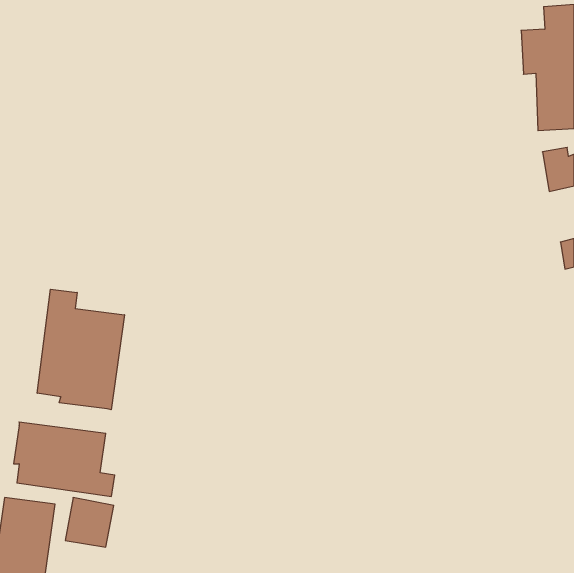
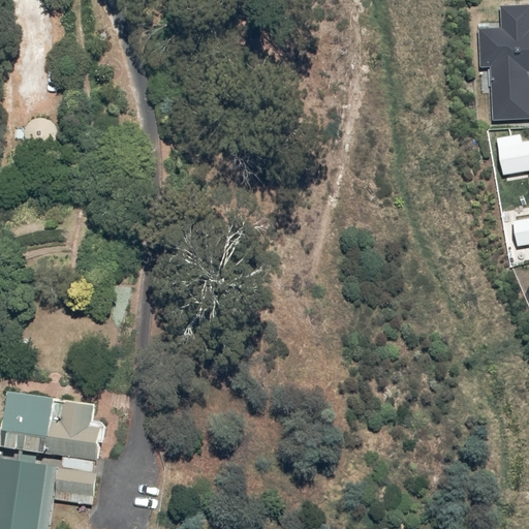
building: [37,289,124,410] -> none

